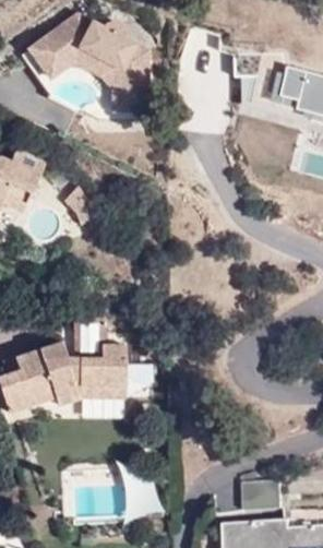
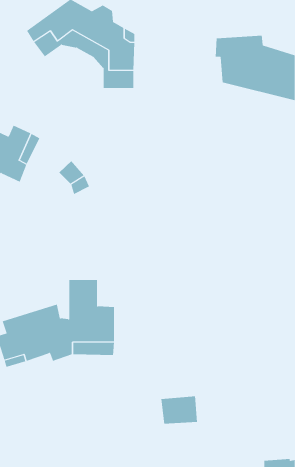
building: [240,479,280,510] -> [160,396,198,424]

